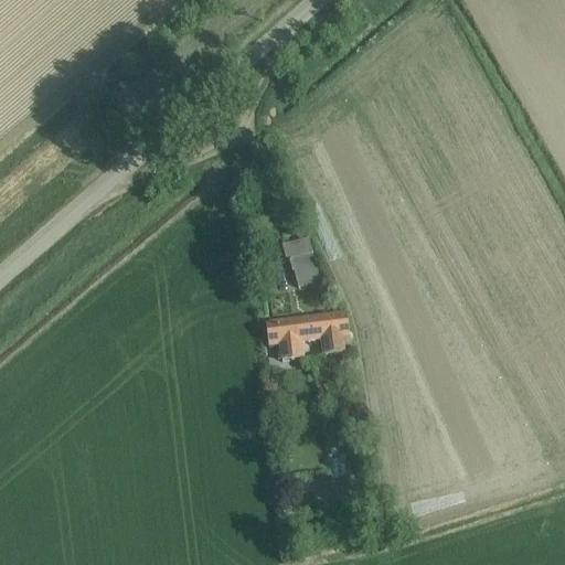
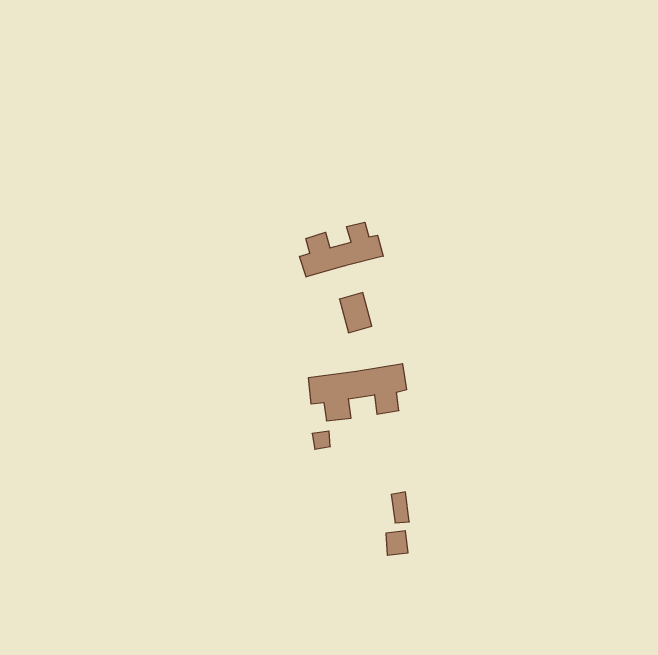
building: none -> [300,222,383,277]

